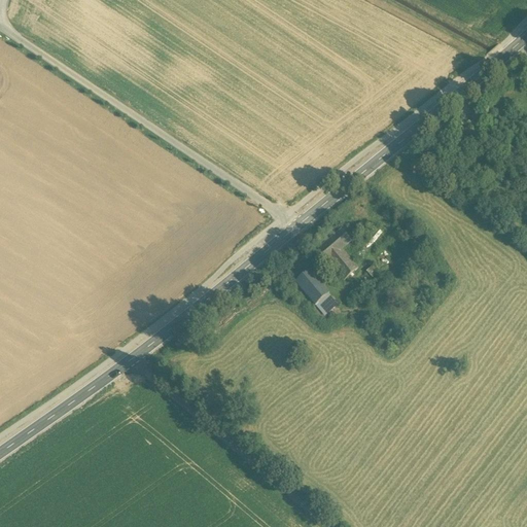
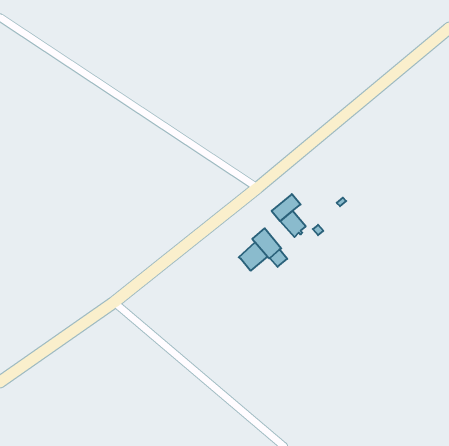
building: none -> [239,242,267,271]

